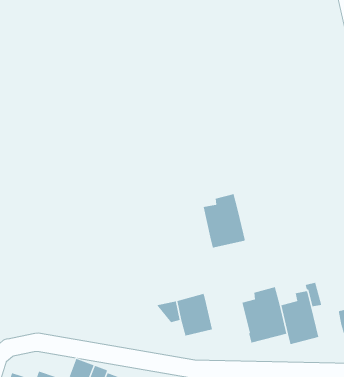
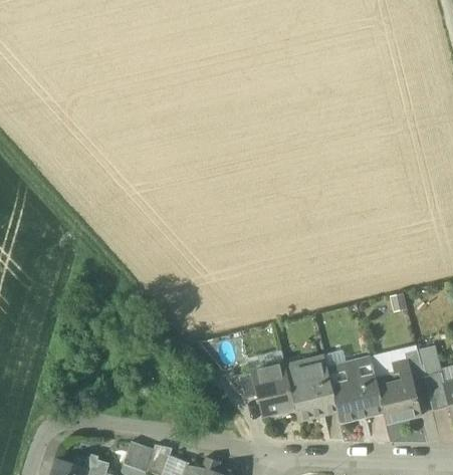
building: [203,193,246,248] -> [287,354,338,420]
building: none -> [425,372,447,405]

